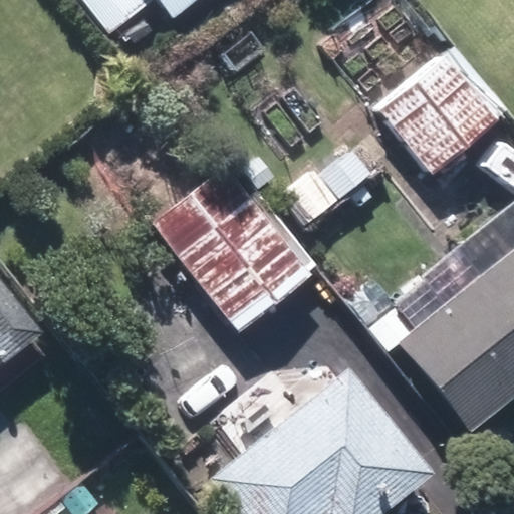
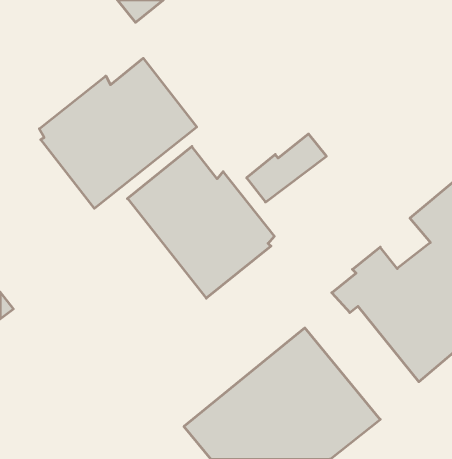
building: [374,48,503,176] -> none
building: none -> [39,58,197,208]

